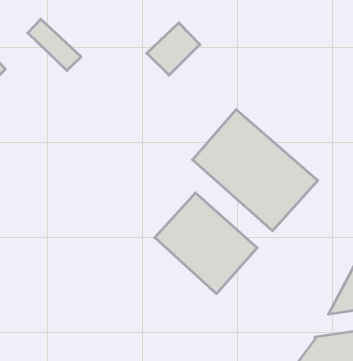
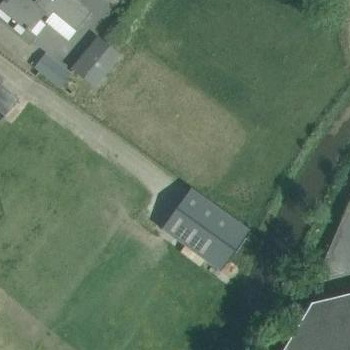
building: [147,23,200,75] -> [74,37,119,83]
building: [192,109,318,231] -> none

